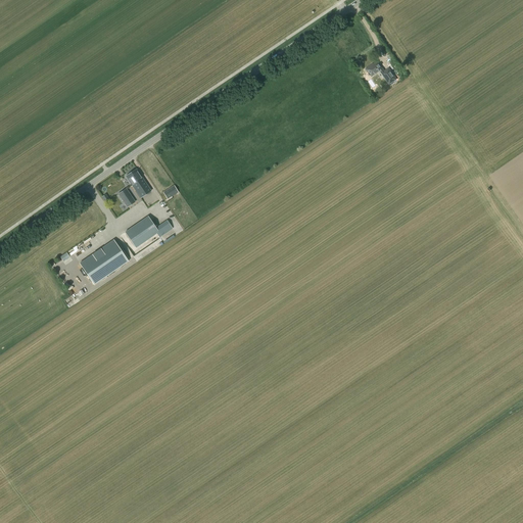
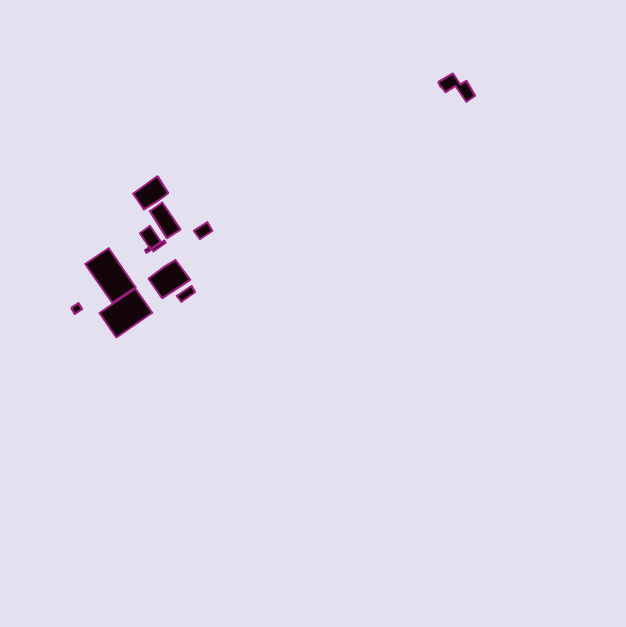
building: none -> [133,176,168,210]
building: none -> [85,248,136,303]

